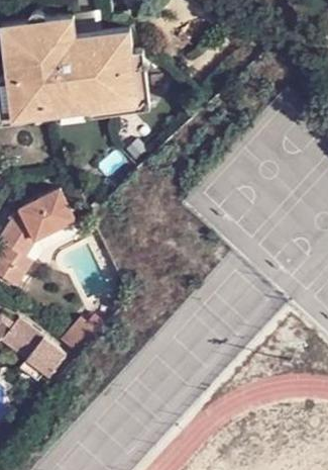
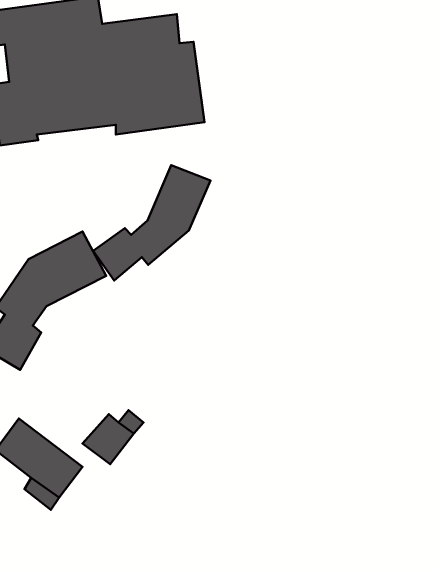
building: none -> [93,165,211,280]

